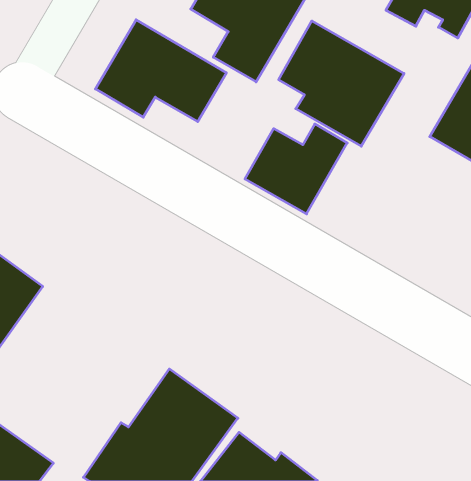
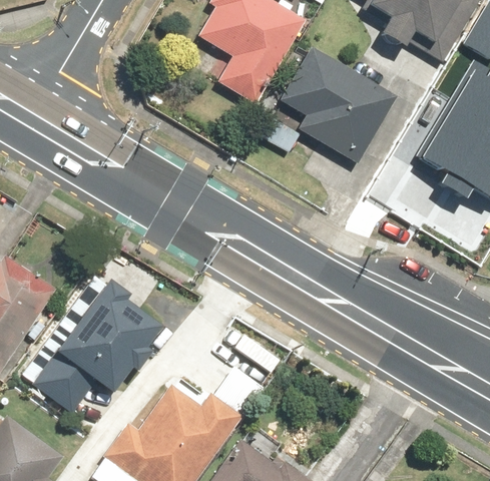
building: [95,20,226,122] -> none
building: [245,124,347,214] -> none
building: none -> [29,282,165,415]

